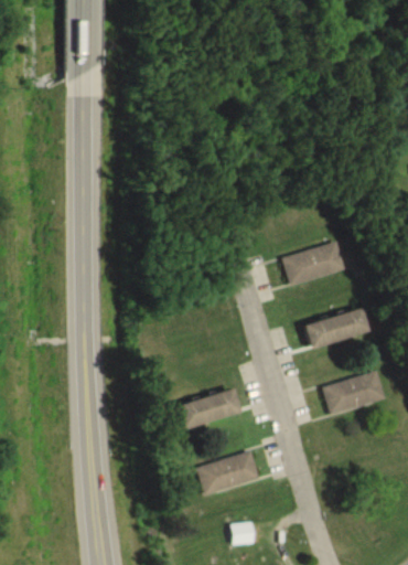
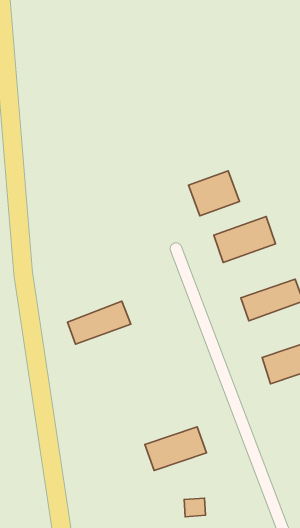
building: none -> [189,171,239,216]
building: [175,388,240,429] -> [67,301,131,344]

